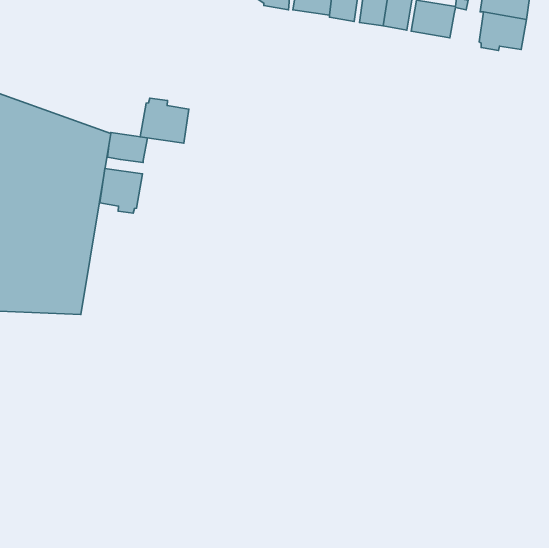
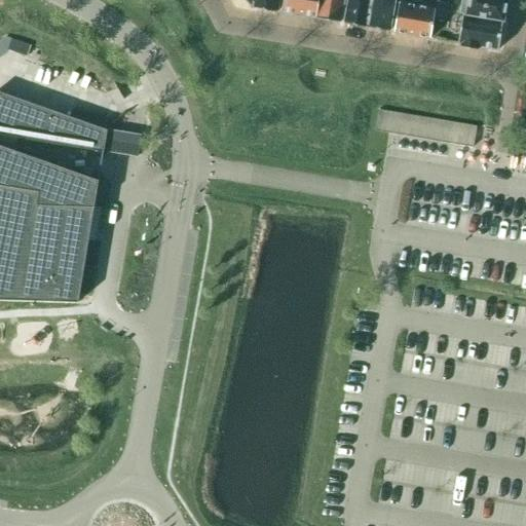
building: [140,98,189,143] -> none
building: none -> [374,107,476,146]
building: [100,168,142,213] -> none

